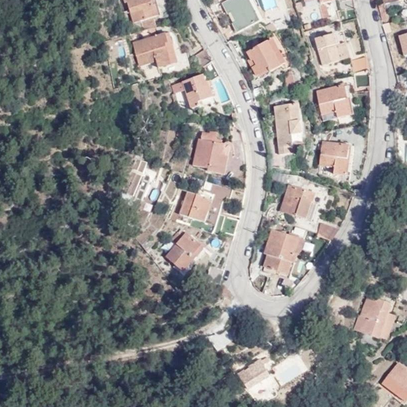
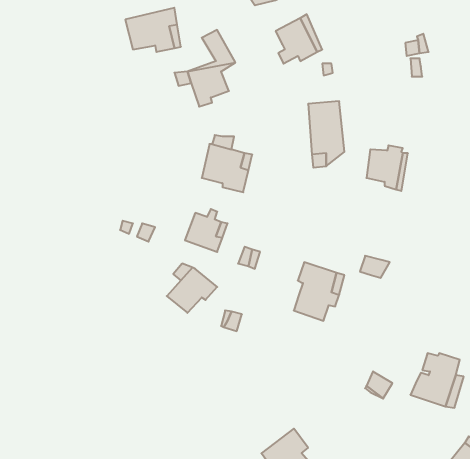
building: [314,33,348,63] -> none
building: [317,85,351,117] -> none
building: [278,183,315,218] -> none

